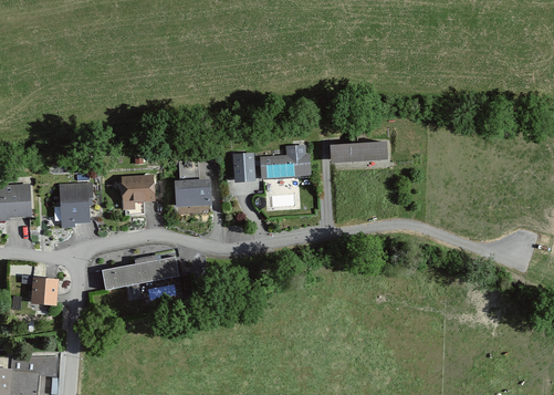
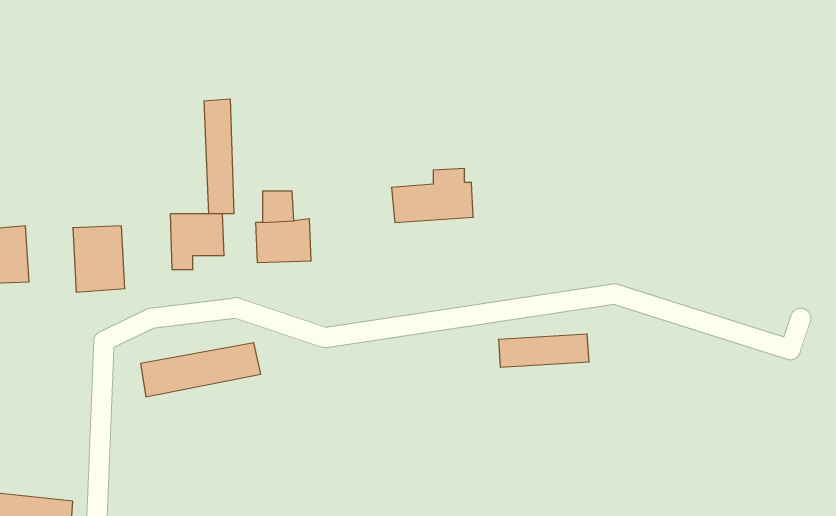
building: none -> [204,99,234,214]
building: [331,143,388,164] -> [498,334,589,367]
building: [233,154,257,184] -> none
building: [29,277,58,305] -> none

